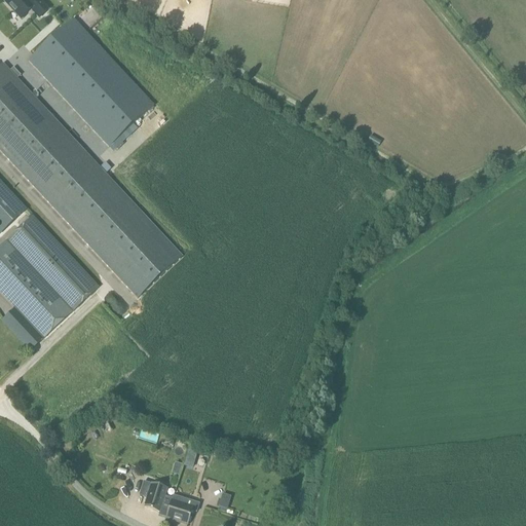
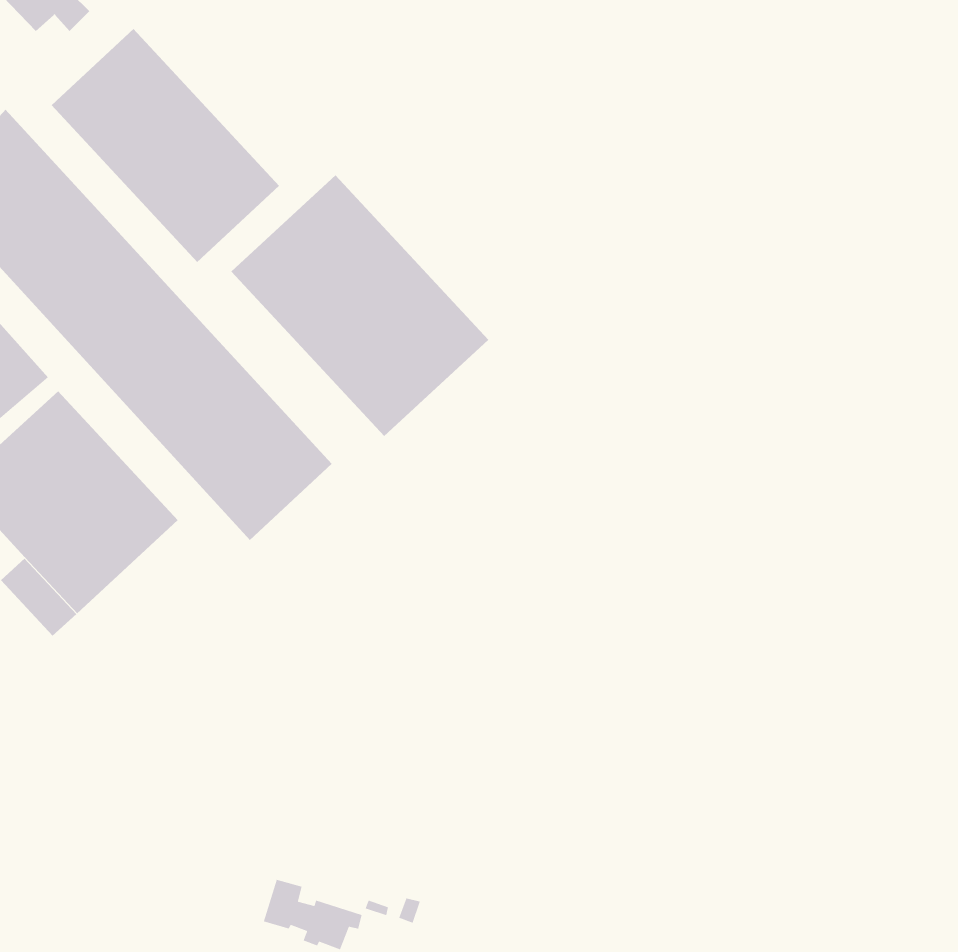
building: none -> [231,175,489,437]

